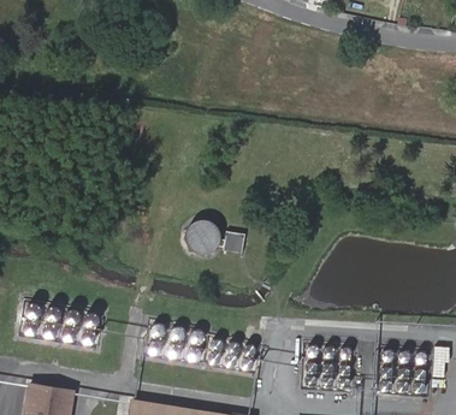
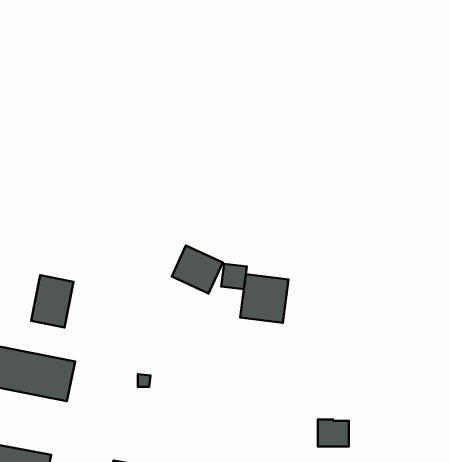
building: none -> [240,274,289,323]
building: none -> [31,275,74,328]

